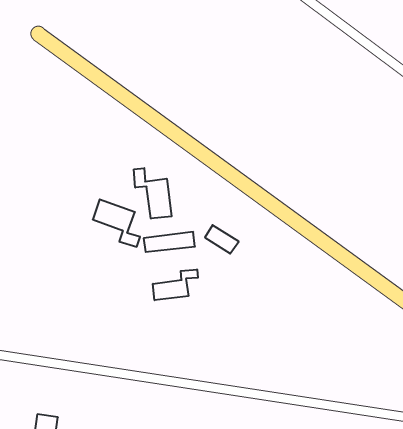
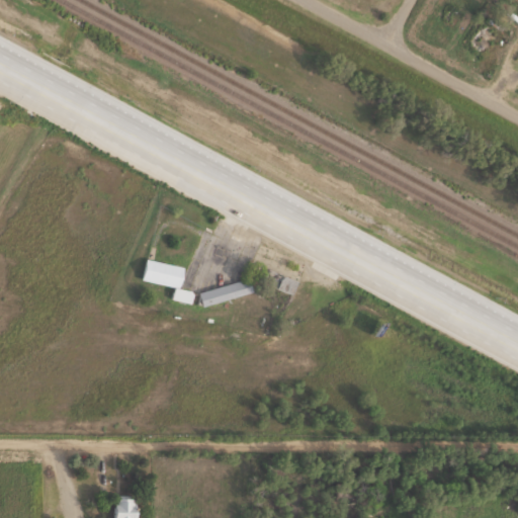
building: [134,168,172,219] -> none
building: [153,269,198,300] -> none

